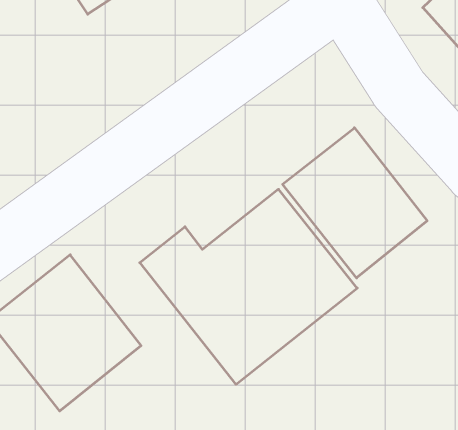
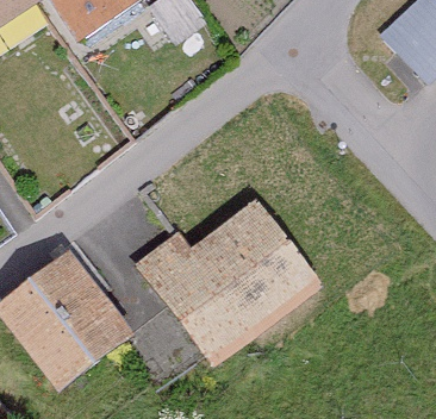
building: [283,128,427,278] -> none

